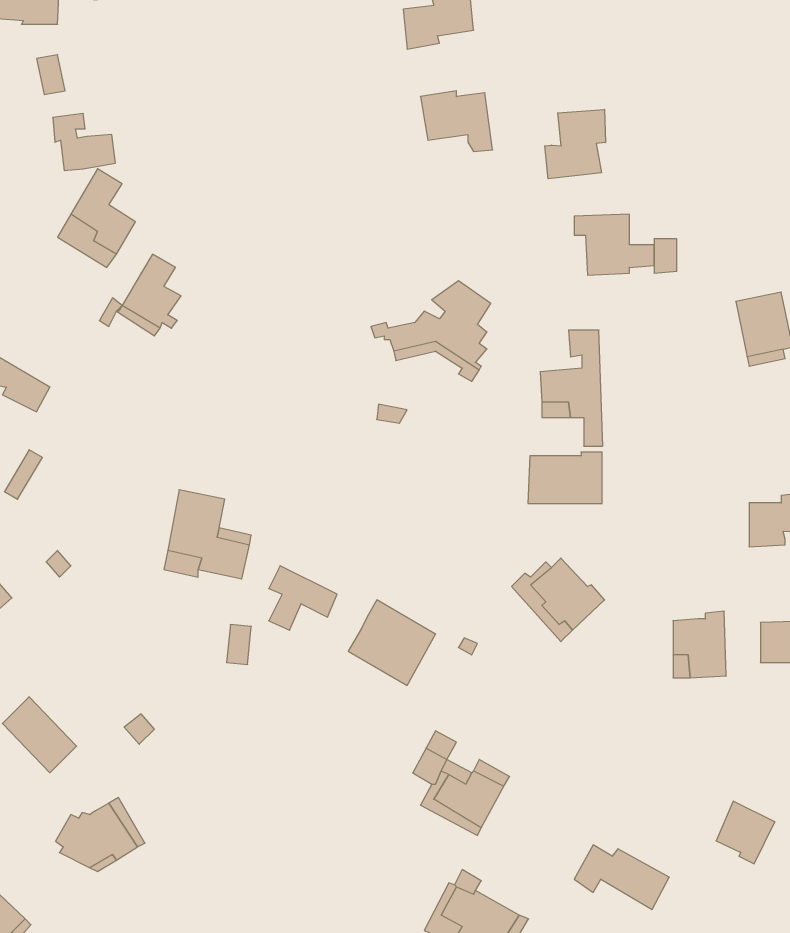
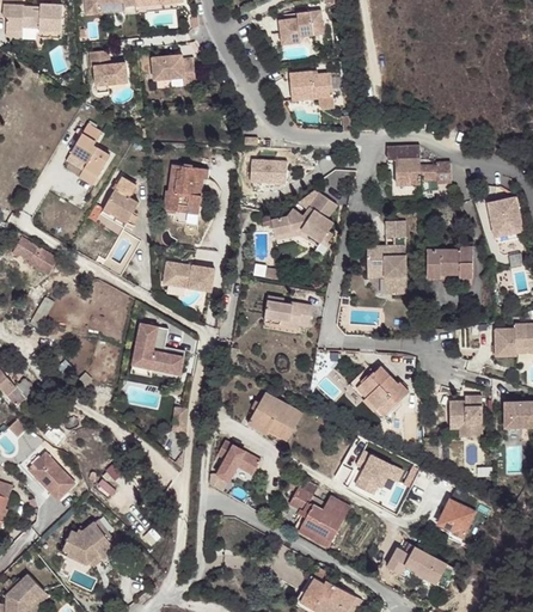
building: none -> [152,53,196,80]
building: [545,109,606,179] -> none
building: [53,114,115,171] -> [85,49,124,85]
building: none -> [251,161,288,186]
building: none -> [161,164,206,210]
building: none -> [161,261,213,289]
building: none -> [264,298,311,328]
building: [528,452,602,503] -> [427,247,473,280]
building: [269,566,337,630] -> [213,436,256,477]
building: none -> [355,453,404,497]
building: [716,801,775,864] -> [437,497,474,537]

